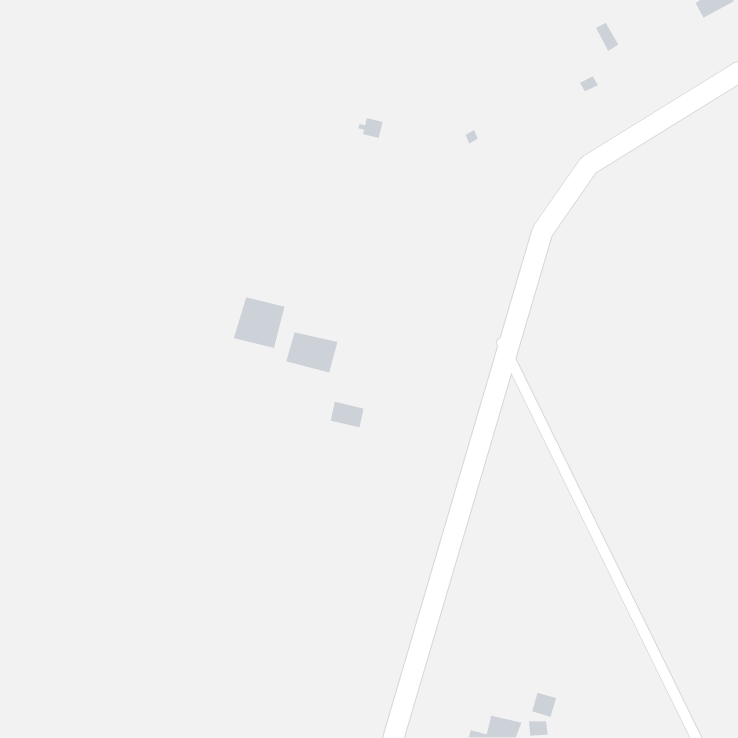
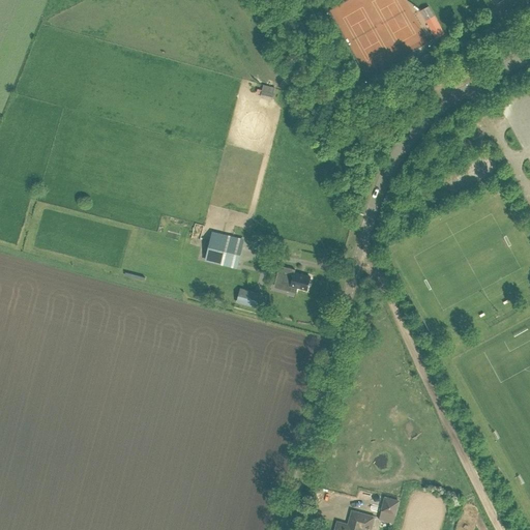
building: [233,297,286,349] -> none
building: none -> [279,266,310,290]

